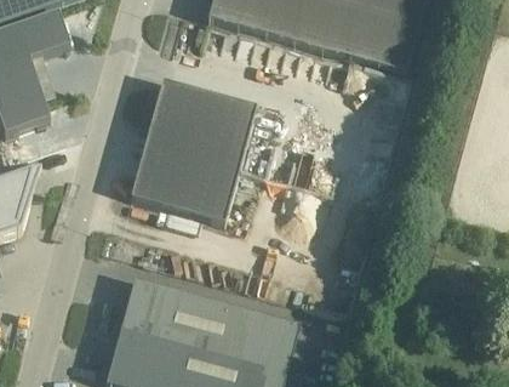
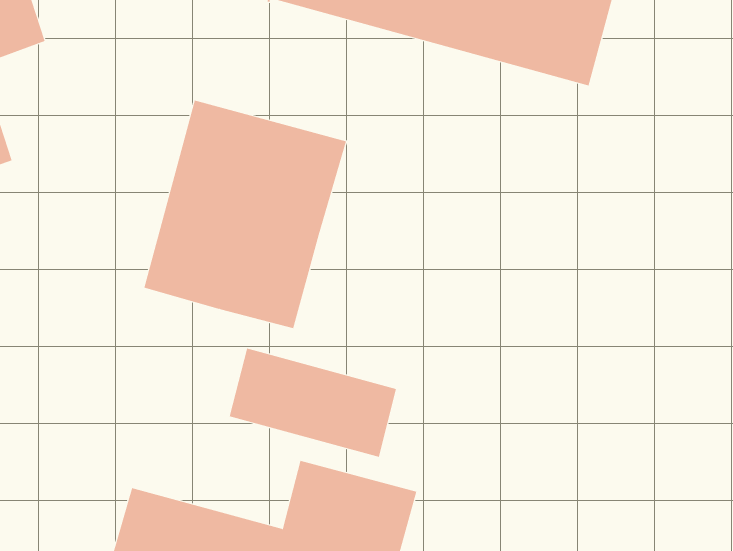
building: [122,274,227,342] -> [229,348,397,457]

